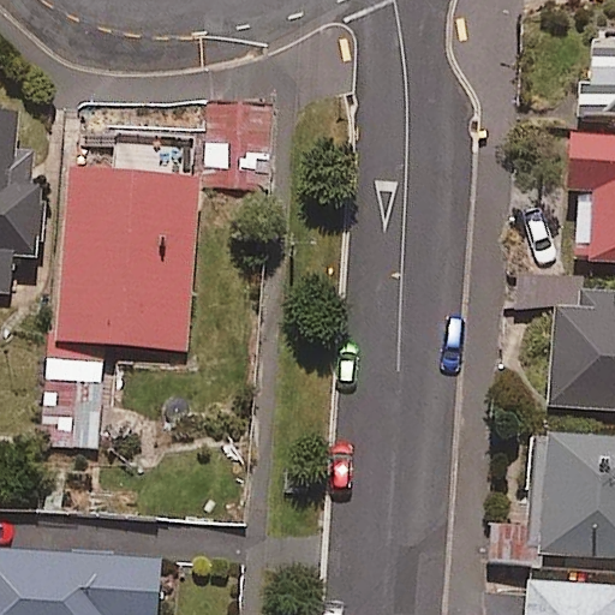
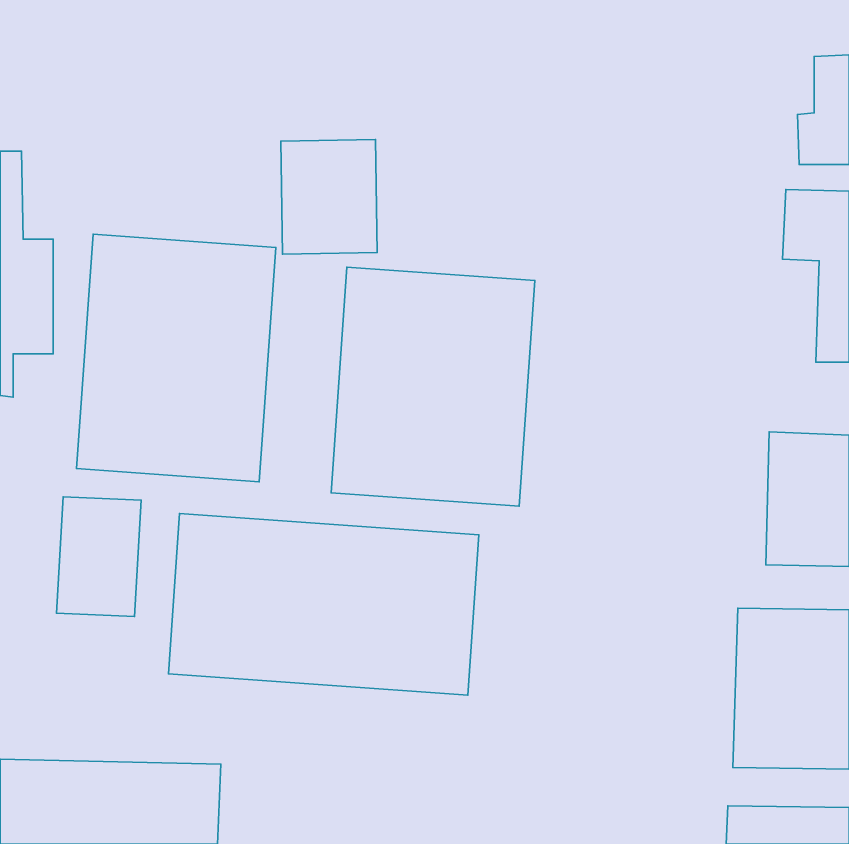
building: none -> [331,267,535,506]
building: none -> [168,514,479,695]

